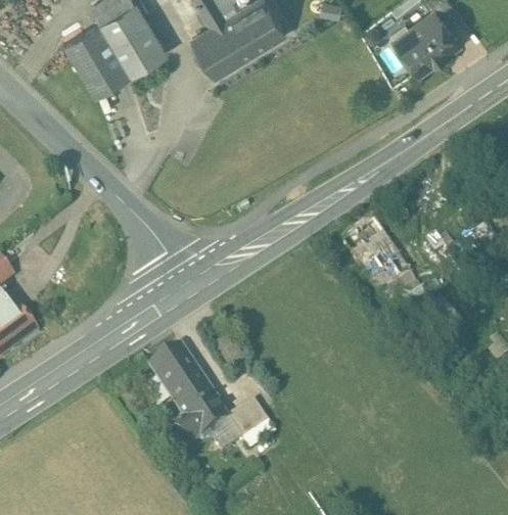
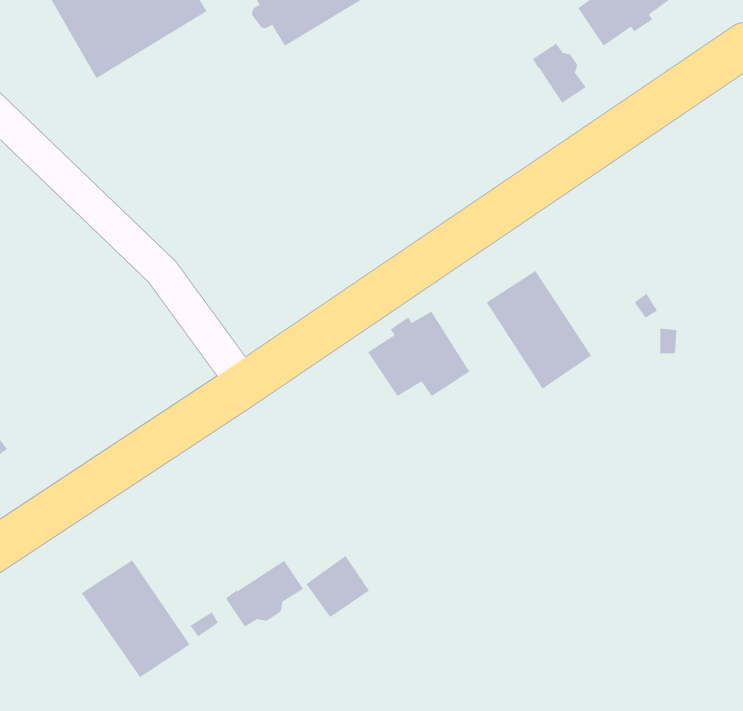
building: none -> [532,43,586,107]
building: none -> [367,311,470,397]
building: [148,344,218,420] -> [81,559,190,678]

